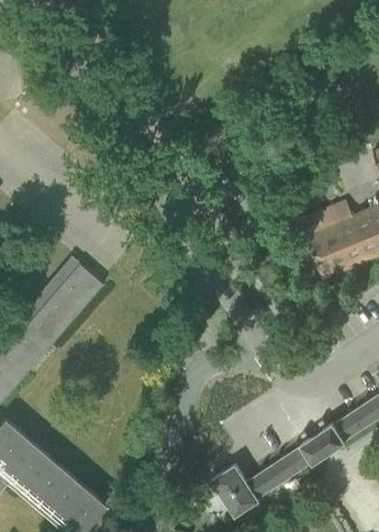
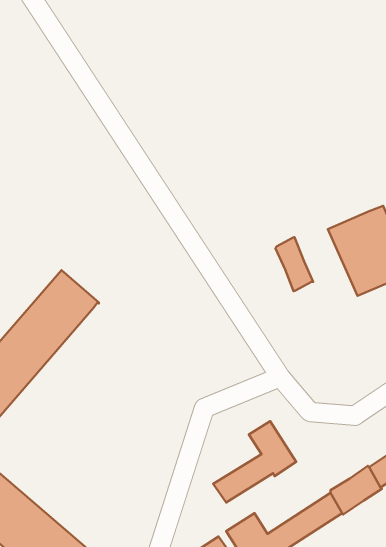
building: none -> [275,237,313,291]
building: none -> [213,421,296,502]

